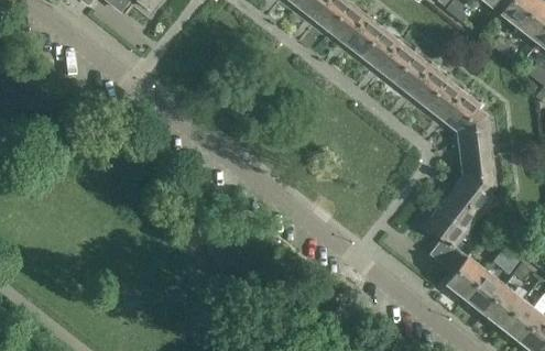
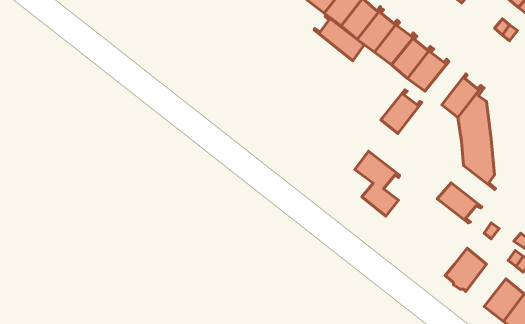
building: none -> [314,15,364,61]
building: [426,77,466,119] -> [381,90,422,133]
building: [451,177,493,217] -> none
building: [425,209,468,272] -> [355,151,400,216]
building: [466,272,504,312] -> none

